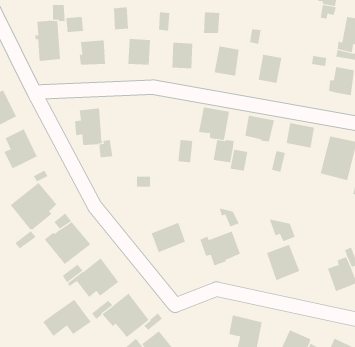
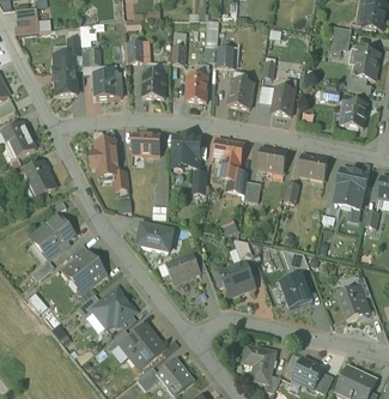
building: none -> [132,134,160,156]
building: none -> [172,135,200,171]
building: none -> [139,225,172,252]
building: [42,299,92,337] -> none

